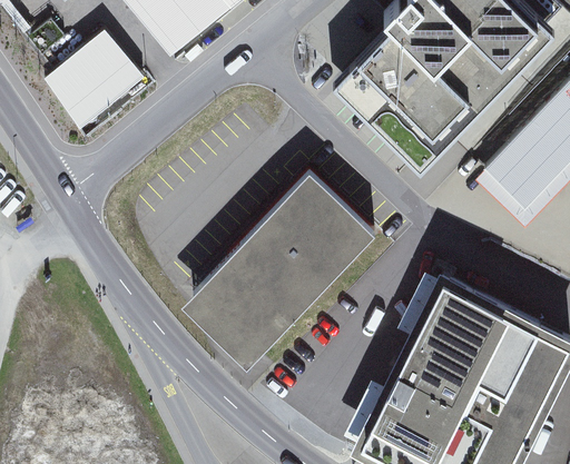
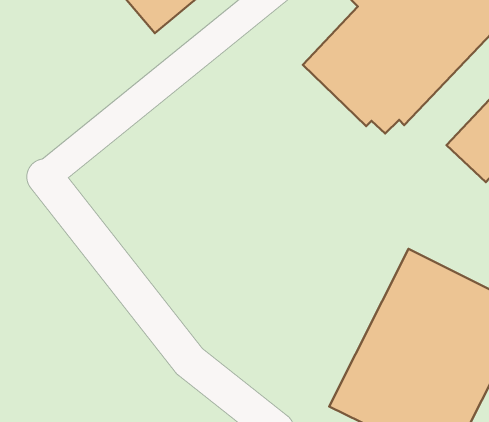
building: [42,31,145,130] -> none
building: [180,170,380,376] -> none

